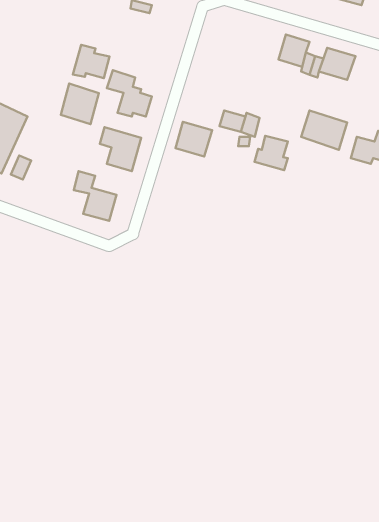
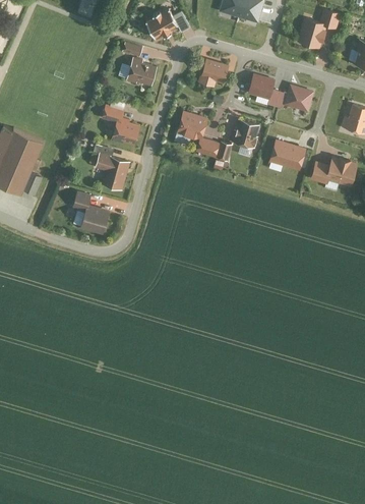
building: none -> [198,58,230,88]
building: [73,45,110,78] -> [126,56,158,85]
building: [61,84,99,124] -> none
building: [176,122,212,156] -> [178,109,209,138]
building: [255,136,288,170] -> [231,119,259,149]

